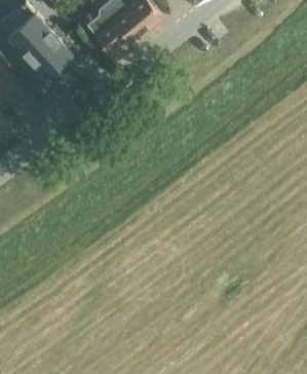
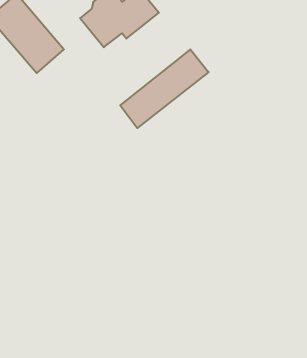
building: none -> [120,49,209,128]

